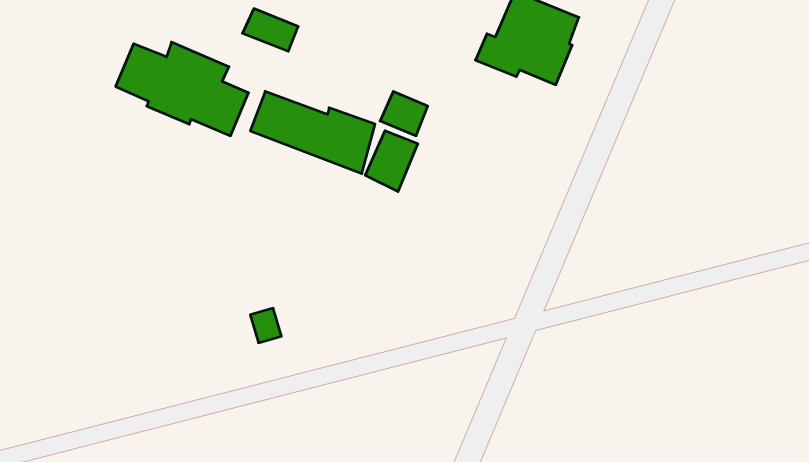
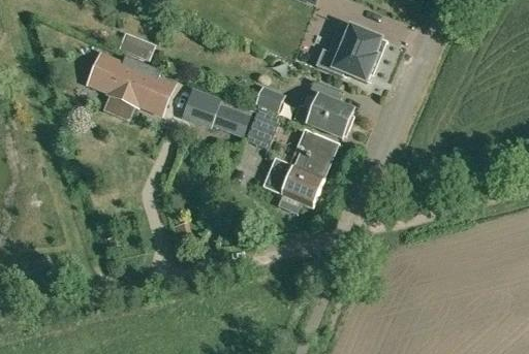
building: [242,9,298,51] -> [119,34,154,61]
building: none -> [294,83,353,139]
building: none -> [266,133,337,207]

